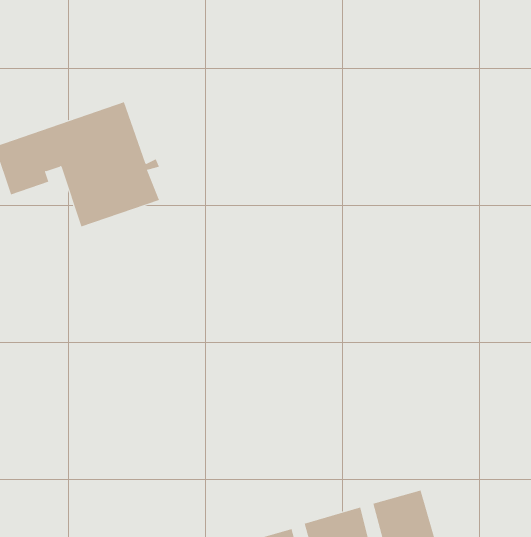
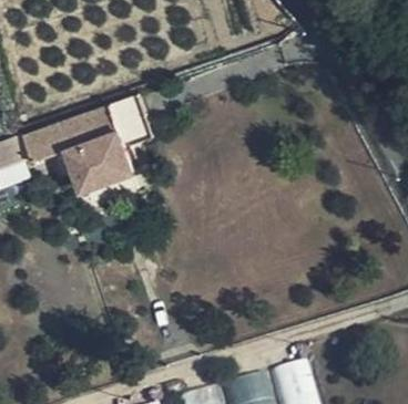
building: none -> [108,96,151,147]

